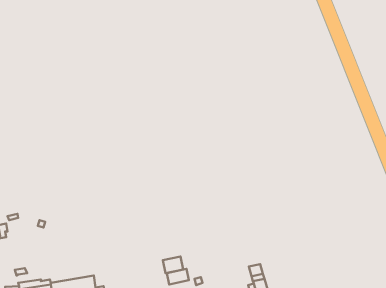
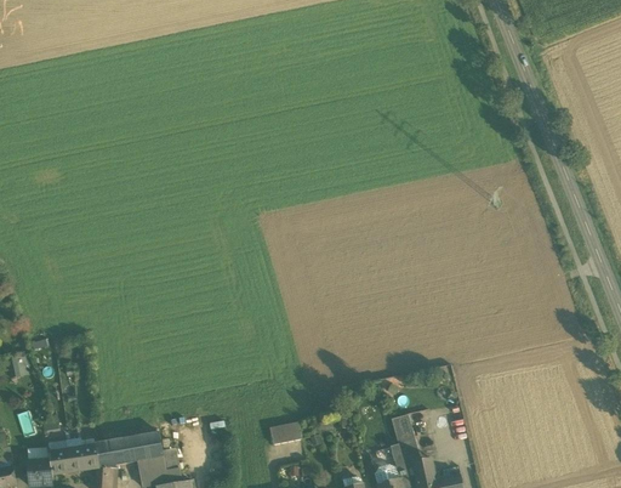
building: [163,256,183,273] -> none

